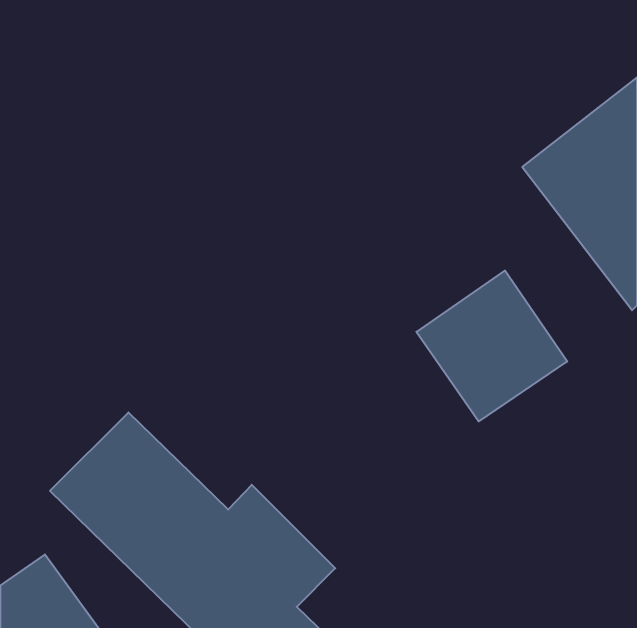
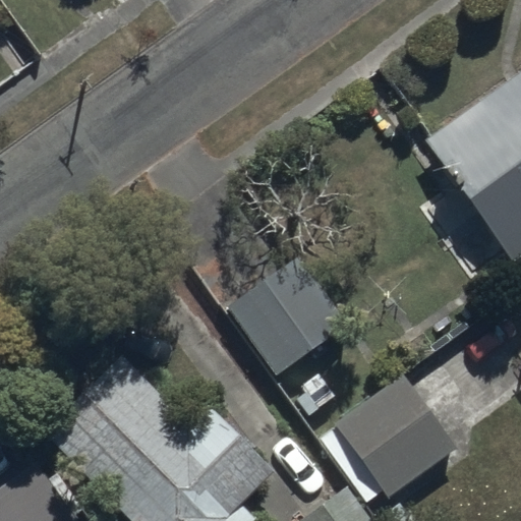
building: [416,271,567,421] -> [225,255,348,379]
building: none -> [321,375,458,502]

